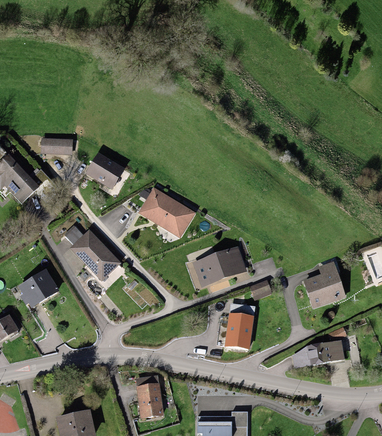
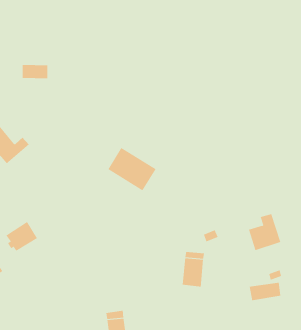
building: [41,135,72,152] -> [22,64,48,79]
building: [85,149,125,186] -> none
building: [68,232,118,280] -> none
building: [202,248,244,282] -> none

